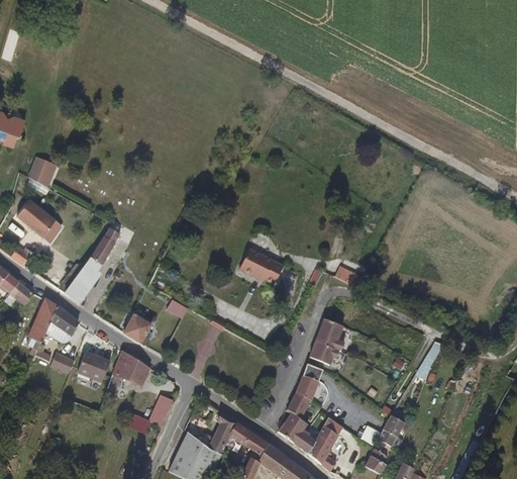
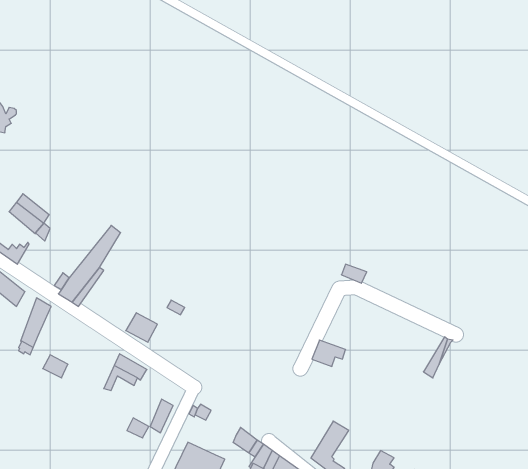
building: [30,156,59,184] -> none
building: [240,250,285,286] -> none
building: [44,306,79,342] -> none
building: [314,319,342,348] -> none
building: [75,354,107,384] -> none
building: [276,373,317,452] -> none
building: [379,411,404,446] -> none
building: [214,413,234,453] -> none

